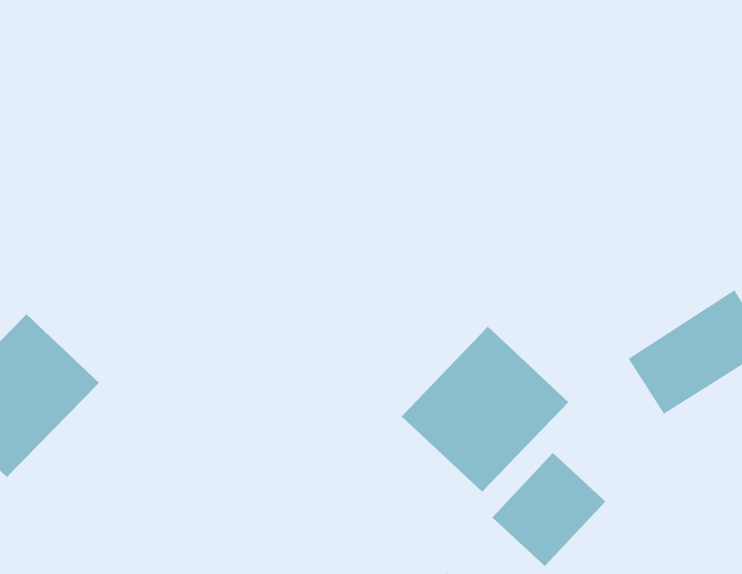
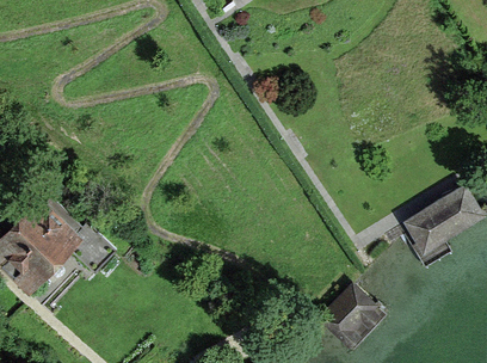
building: [401,326,569,493] -> none

